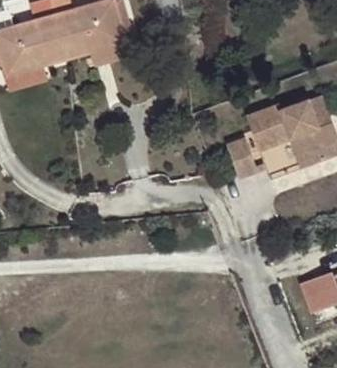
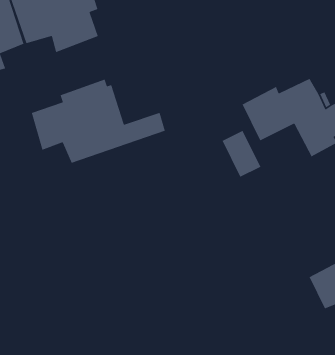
building: none -> [31,79,166,164]

